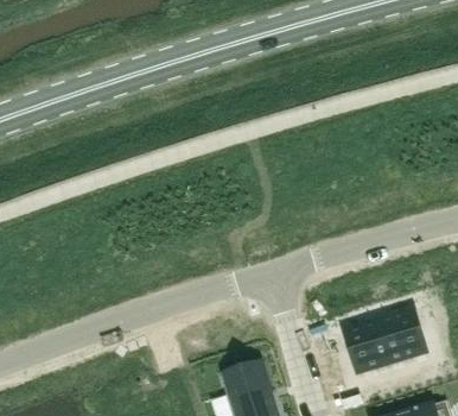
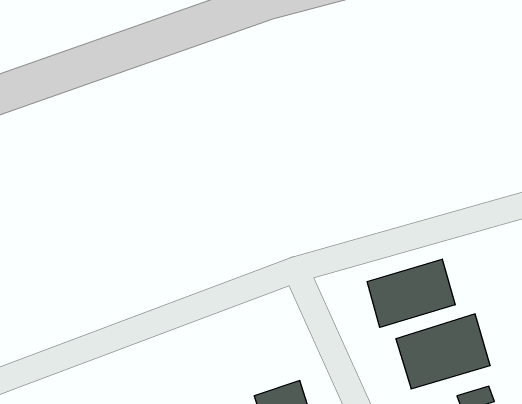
building: none -> [367,259,455,327]

